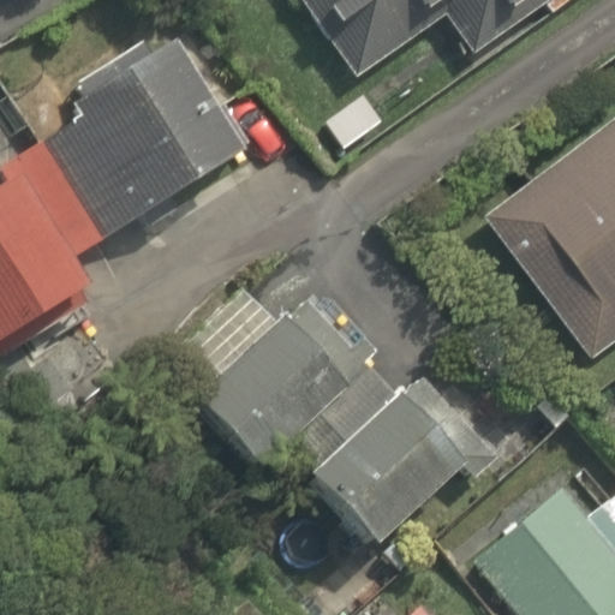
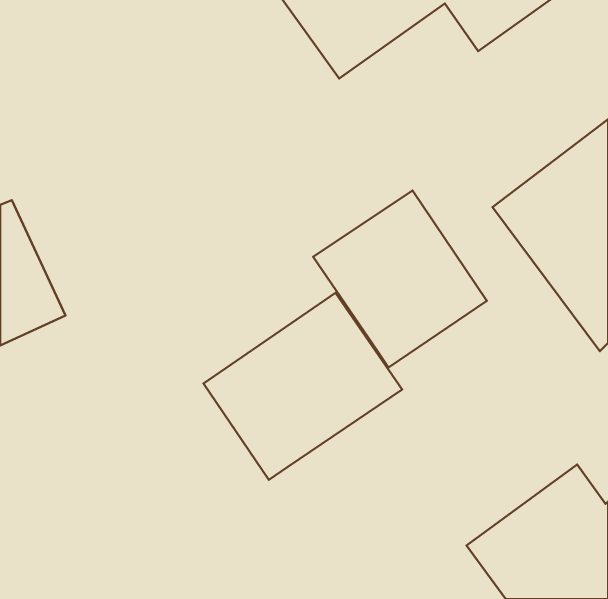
building: [49,70,231,251] -> none
building: none -> [313,190,487,368]
building: [291,376,480,544] -> none

